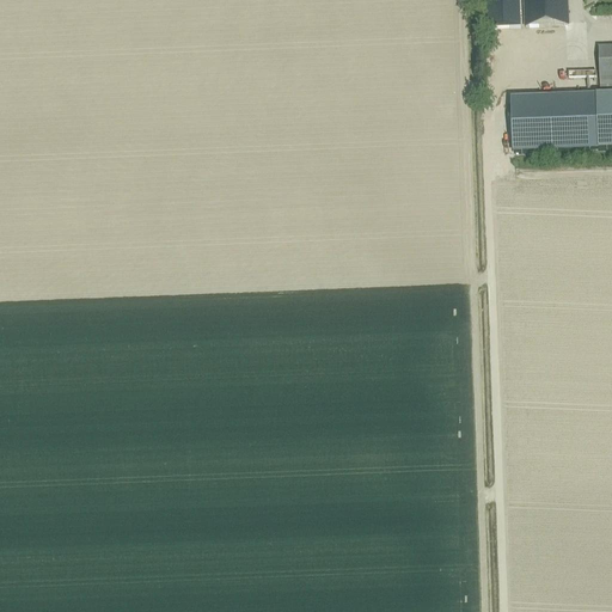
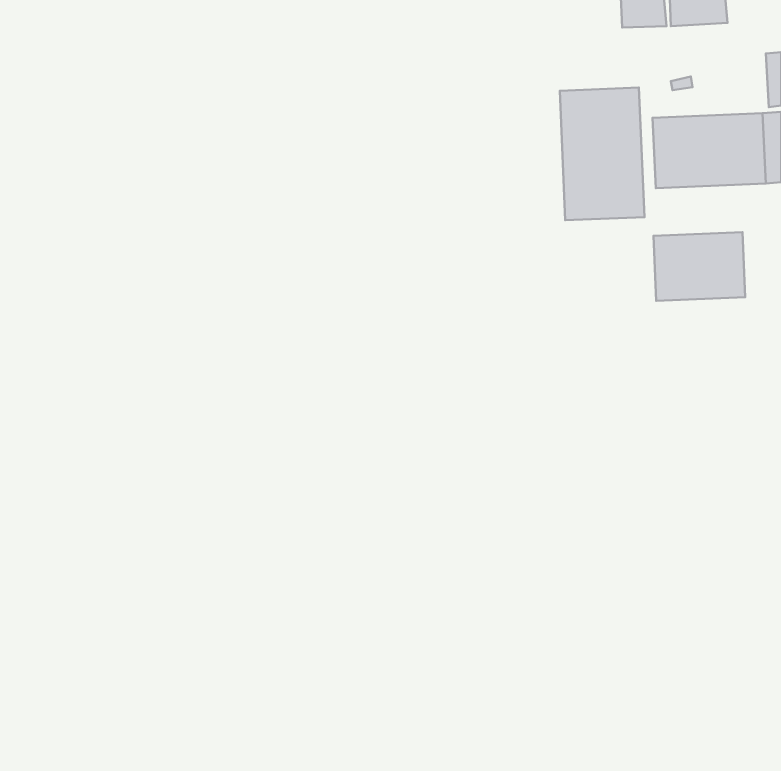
building: none -> [560,88,644,220]
building: none -> [653,232,745,301]

